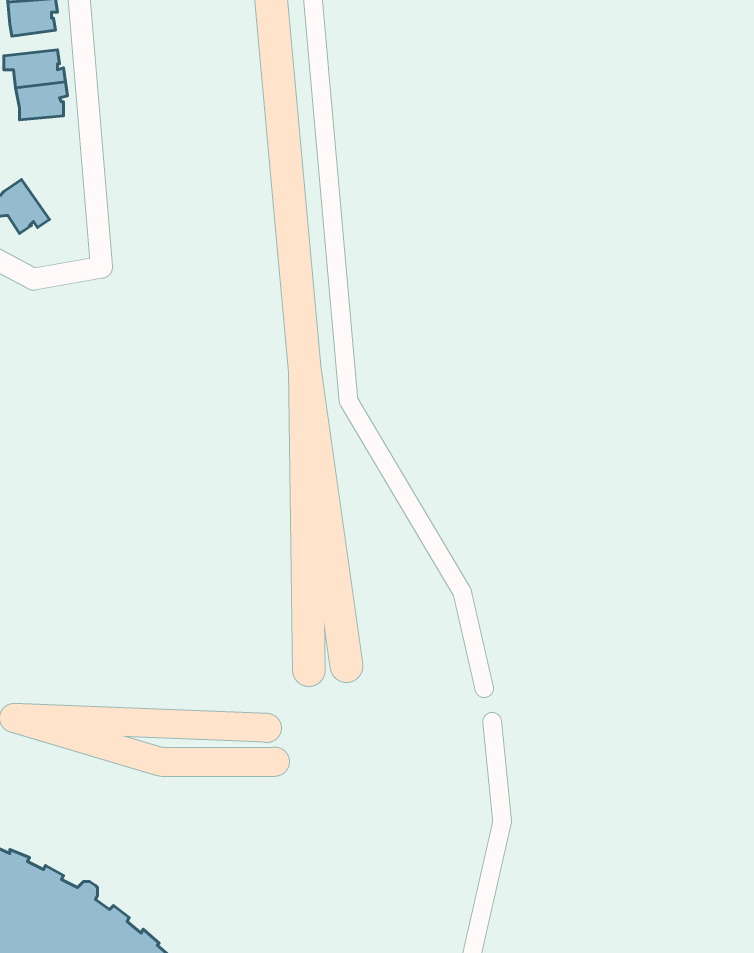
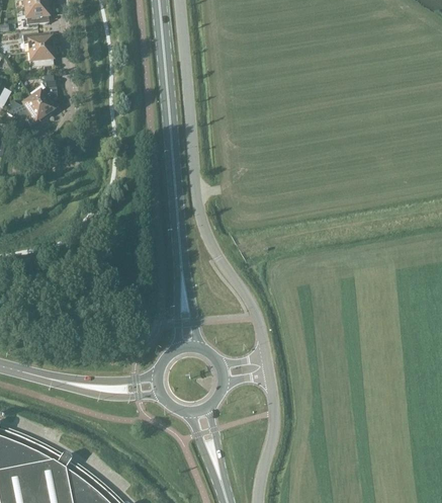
building: none -> [30,83,57,120]

